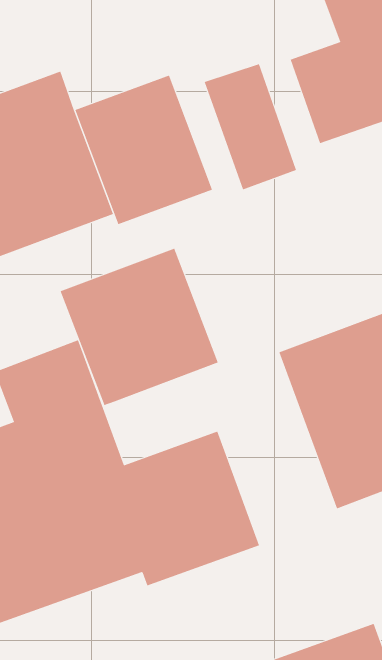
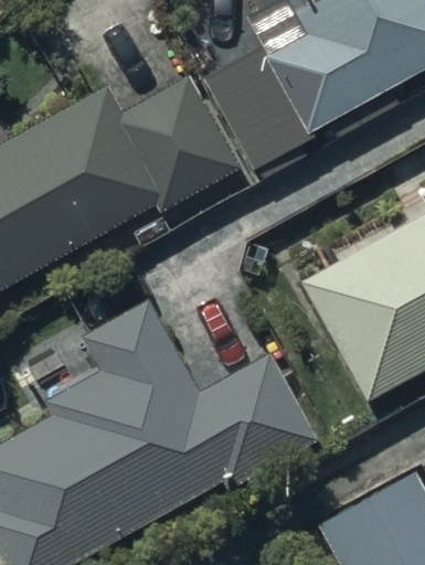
building: [60,248,219,406] -> none

